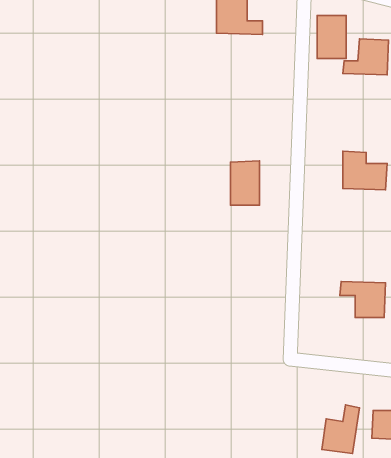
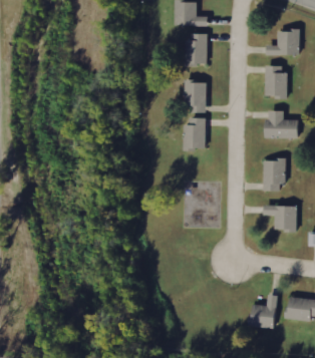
building: [317,16,346,59] -> [265,65,286,96]
building: none -> [186,33,208,64]
building: none -> [184,80,207,112]
building: none -> [263,159,285,191]

